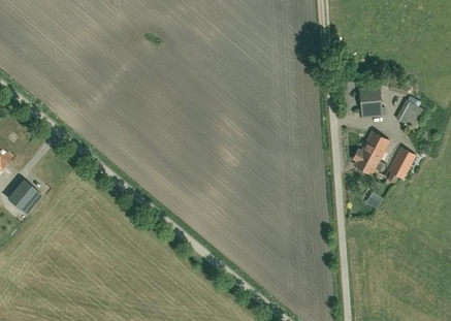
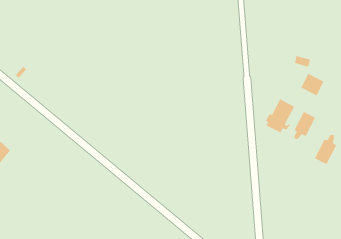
building: [359,87,382,118] -> none
building: none -> [314,134,337,165]

